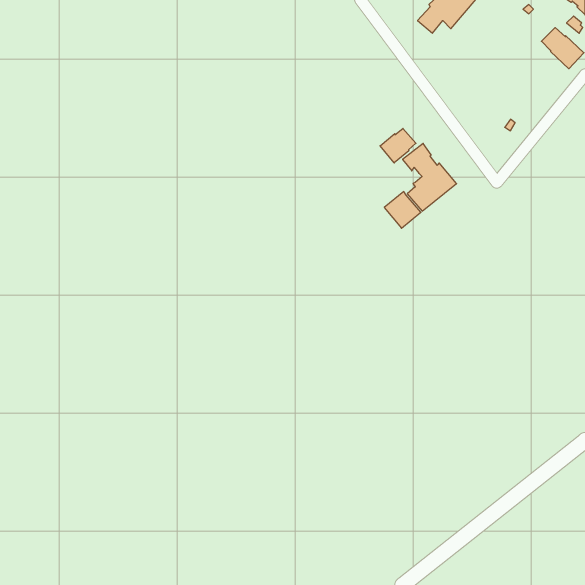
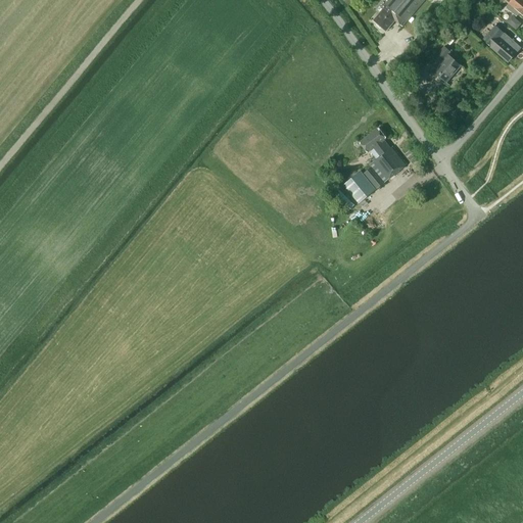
building: none -> [432,45,462,83]
building: [380,128,416,163] -> none

